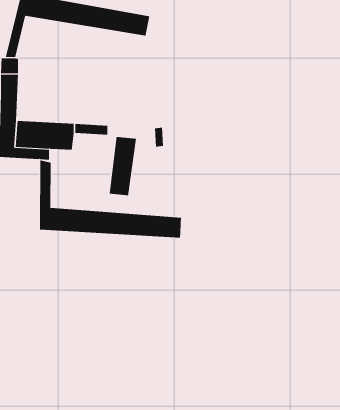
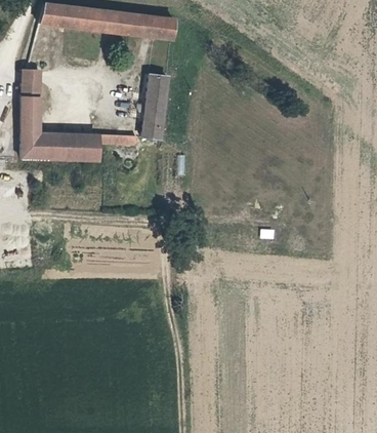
building: [109,136,137,196] -> [140,77,169,139]
building: [40,159,181,239] -> none

